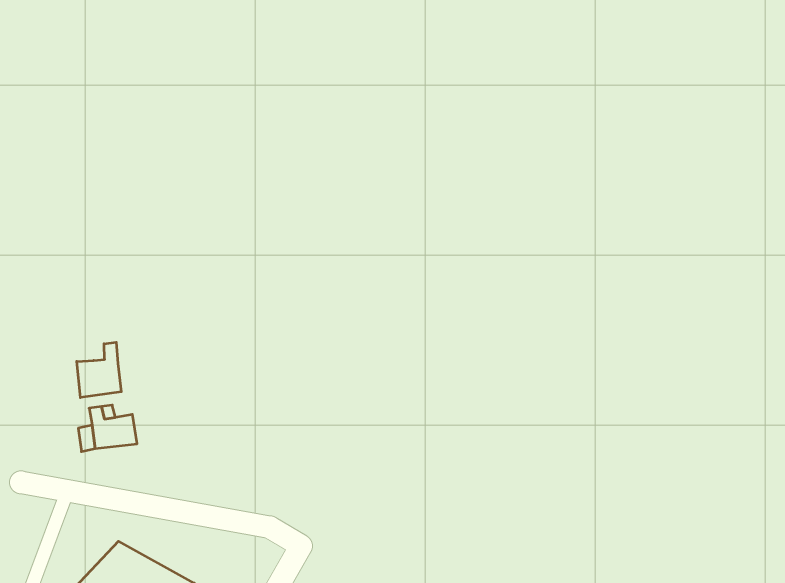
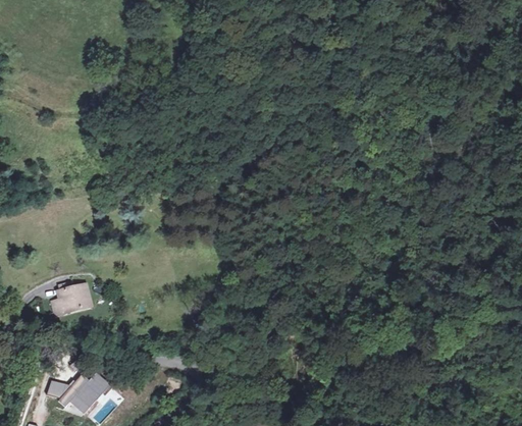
building: [77,342,121,398] -> none

